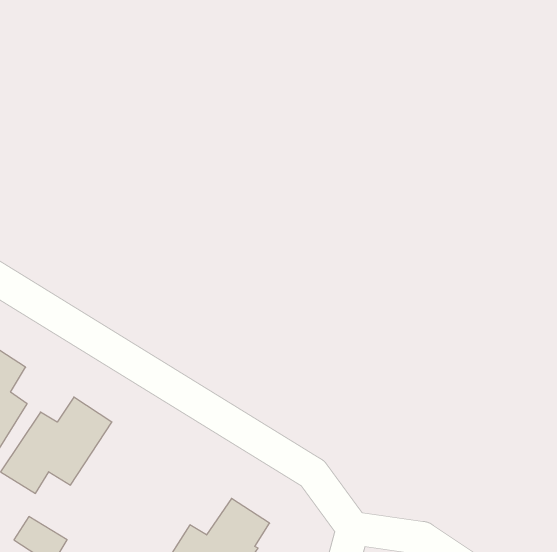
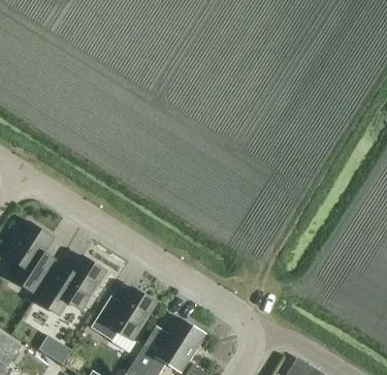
building: none -> [91,287,156,340]

